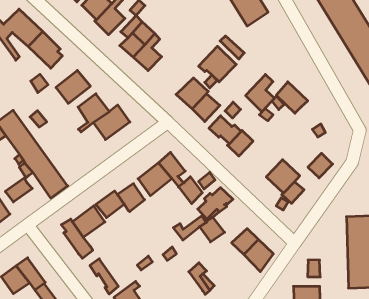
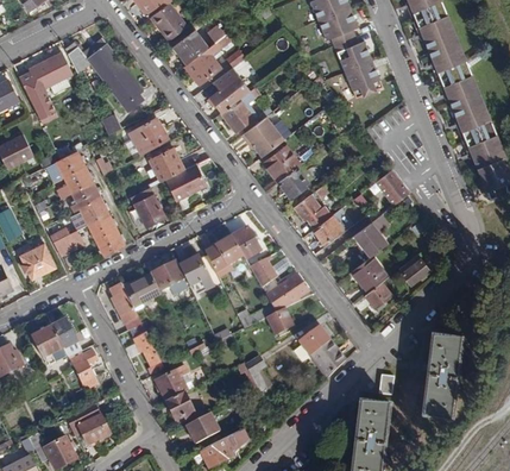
building: [199,46,236,82] -> [241,115,284,156]
building: [246,74,274,112] -> [354,214,388,256]
building: none -> [130,187,164,226]

